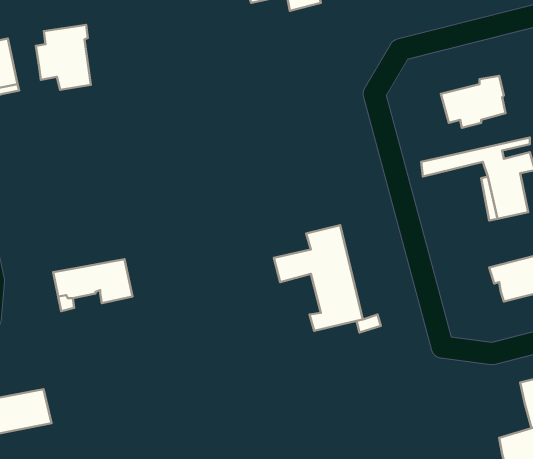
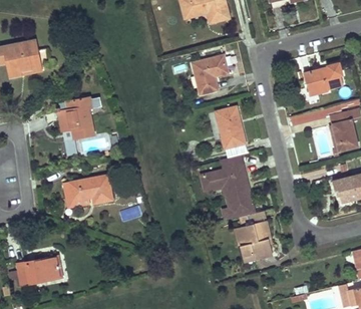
building: [36,25,91,90] -> [59,97,93,137]
building: none -> [192,55,228,93]
building: none -> [216,106,246,148]
building: none -> [236,220,273,261]

